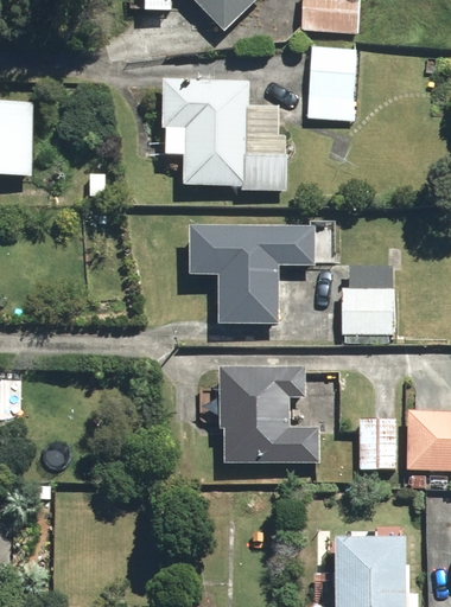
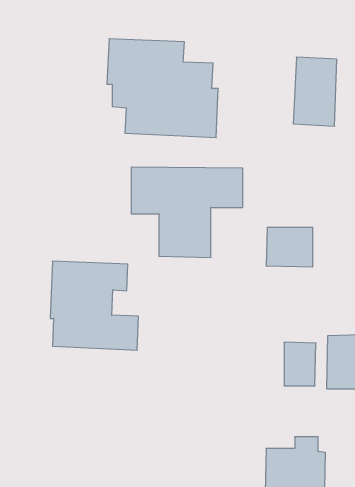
building: [305,43,354,120] -> [293,57,337,126]
building: [220,364,318,464] -> [50,261,138,350]

